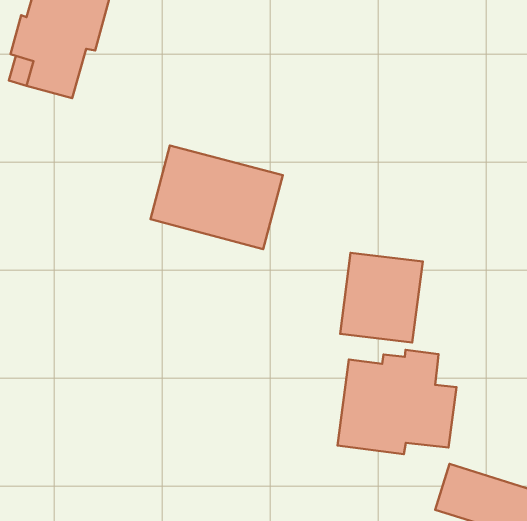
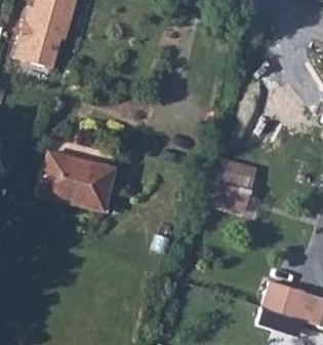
building: [150,145,283,249] -> [36,151,113,212]
building: [337,350,457,454] -> none

